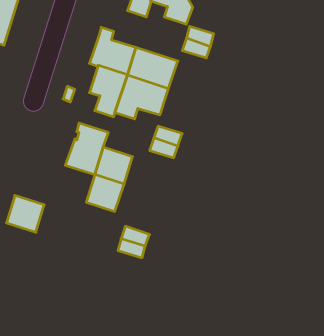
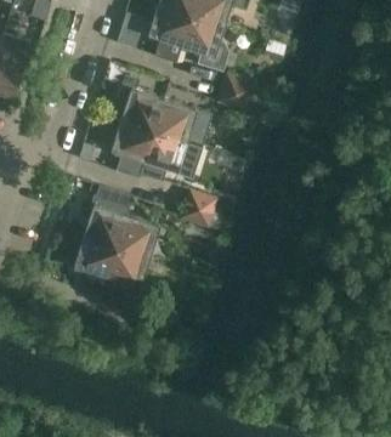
building: [6,195,44,232] -> [72,234,115,277]

